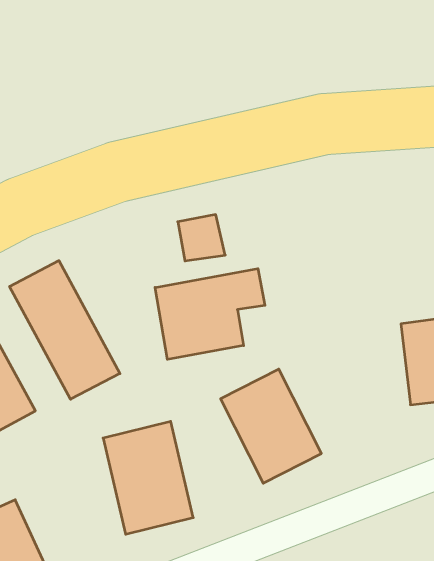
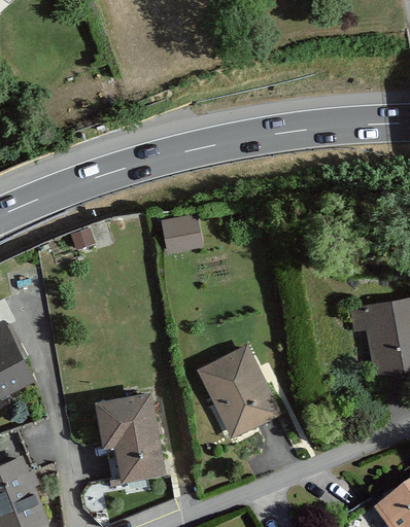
building: [10,261,120,399] -> none
building: [155,269,265,359] -> none

